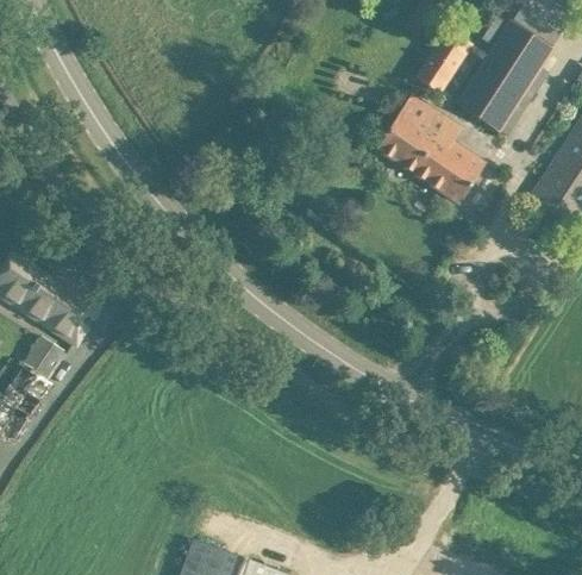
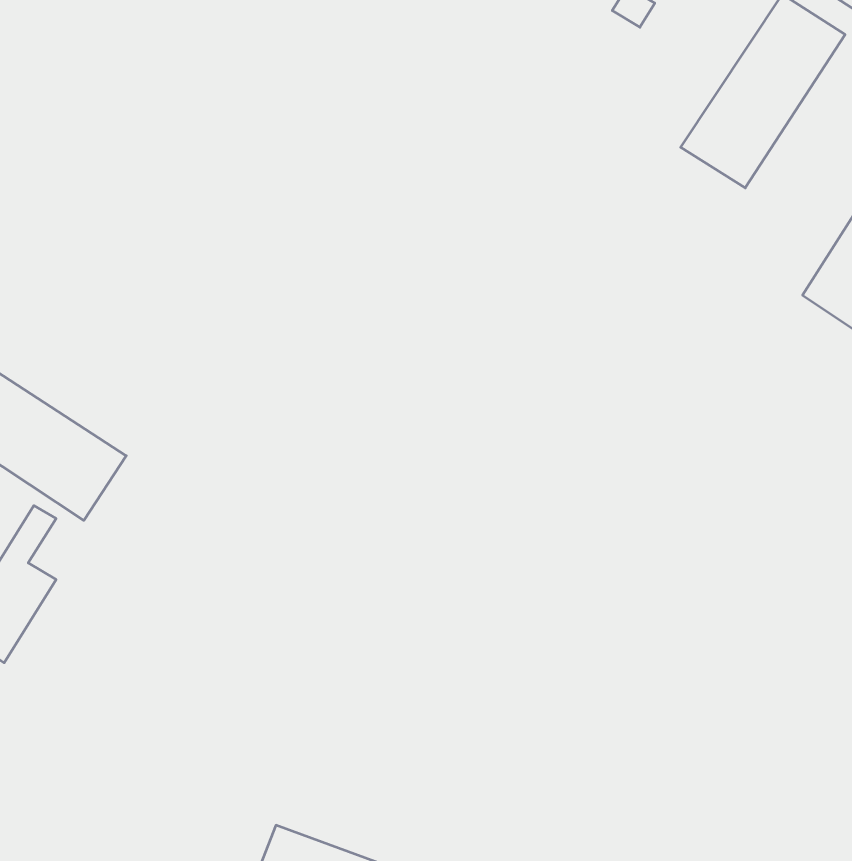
building: [417,31,469,93] -> none
building: [376,96,486,204] -> none

